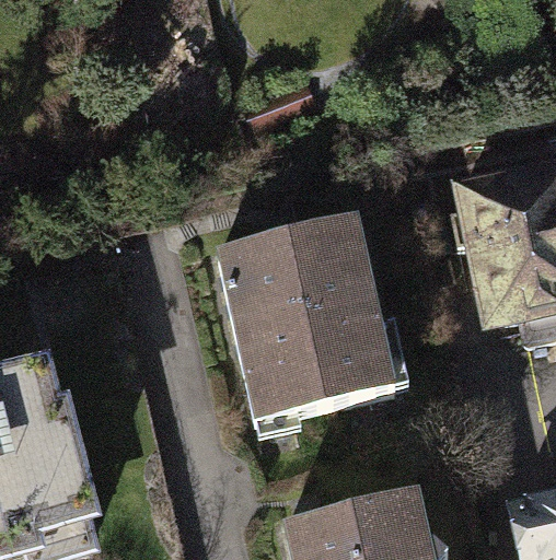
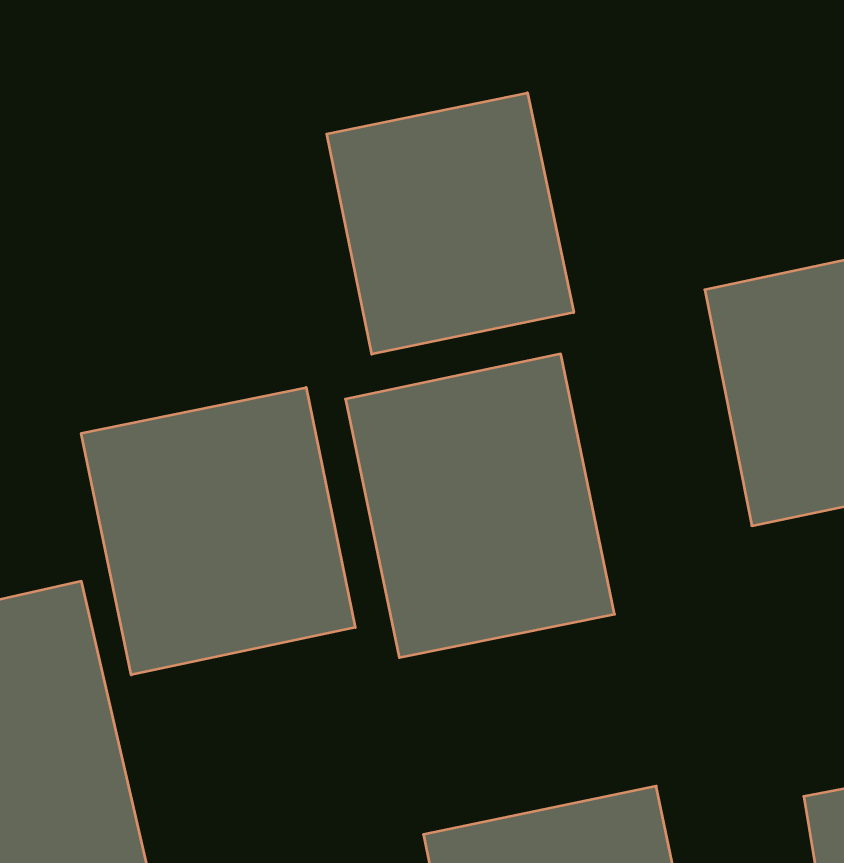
building: none -> [327,93,574,354]
building: none -> [81,387,355,675]

